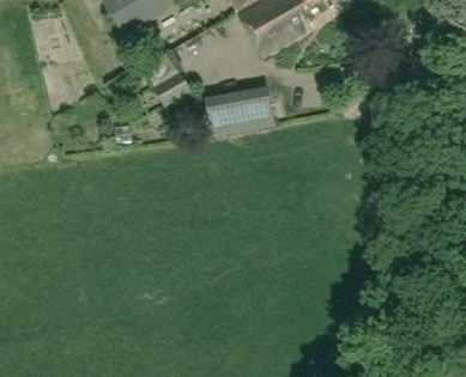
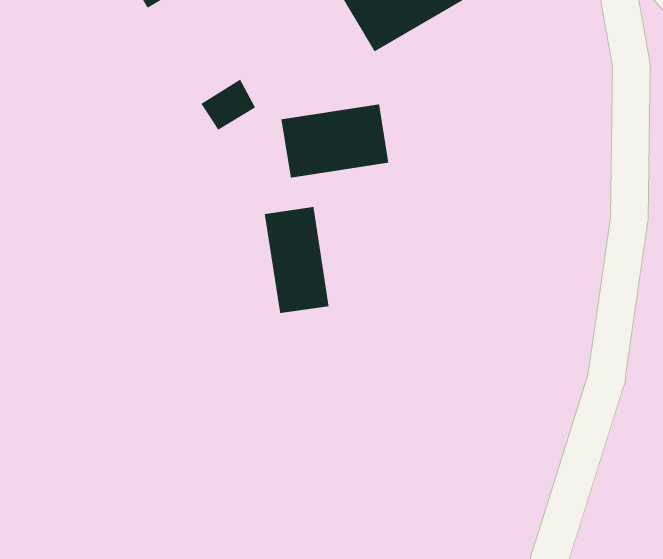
building: none -> [264,206,329,314]

